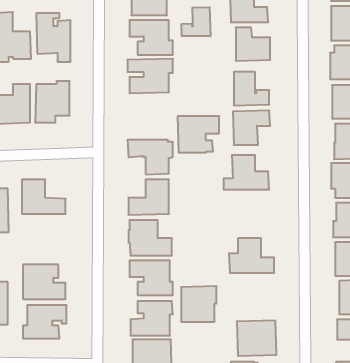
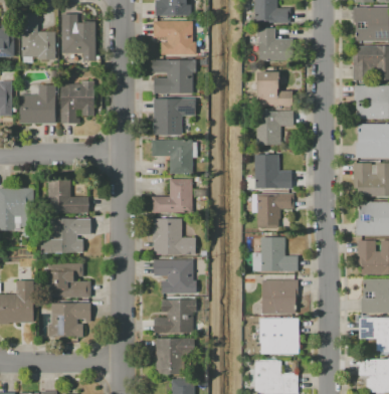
building: [182,7,210,36] -> none
building: [178,116,219,153] -> [153,99,194,135]
building: none -> [251,194,293,228]
building: none -> [40,219,89,253]
building: [181,286,217,322] -> [261,279,297,315]

